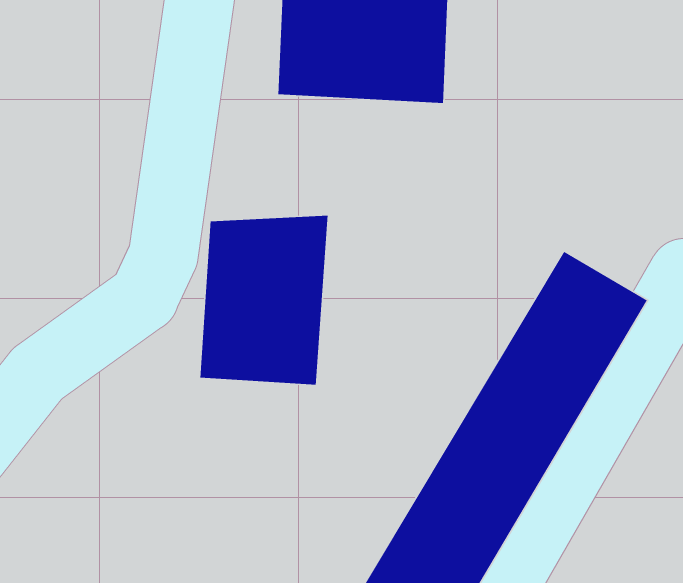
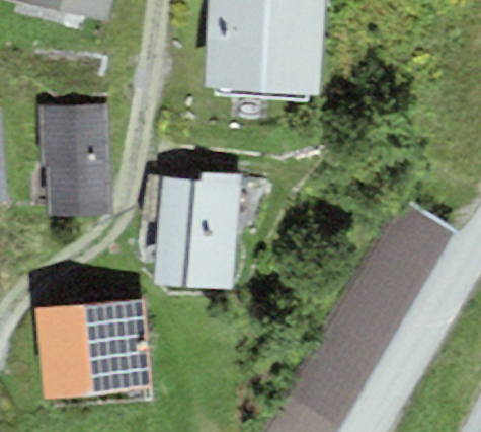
building: none -> [41,104,109,216]
building: none -> [35,300,151,403]

